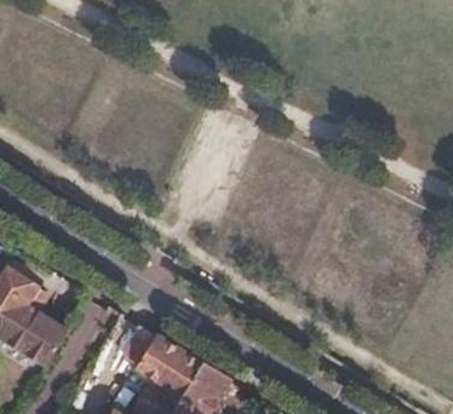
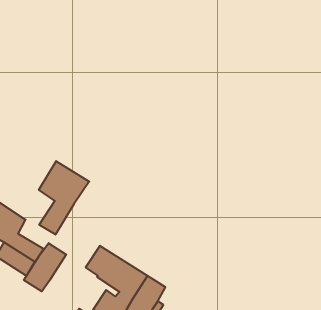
building: none -> [39,161,89,235]
building: none -> [24,243,66,291]

